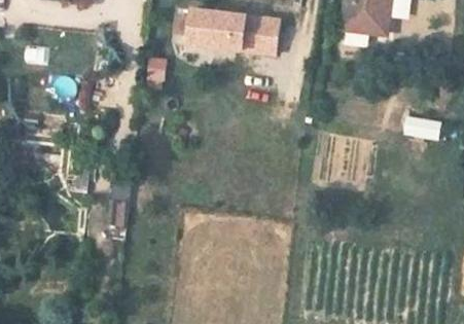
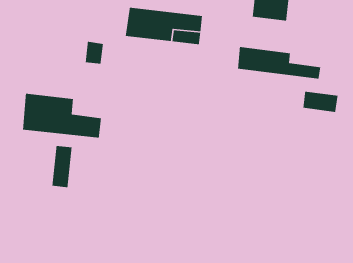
building: none -> [237,46,321,80]
building: none -> [22,93,102,139]

